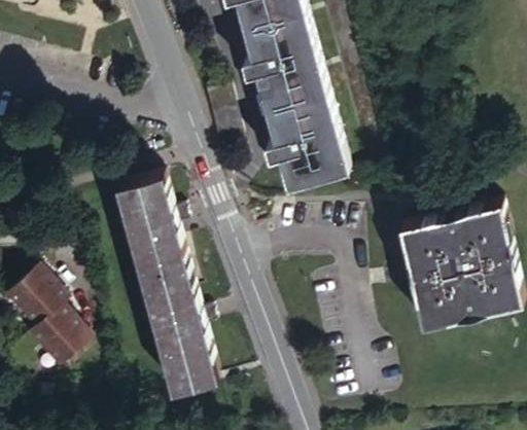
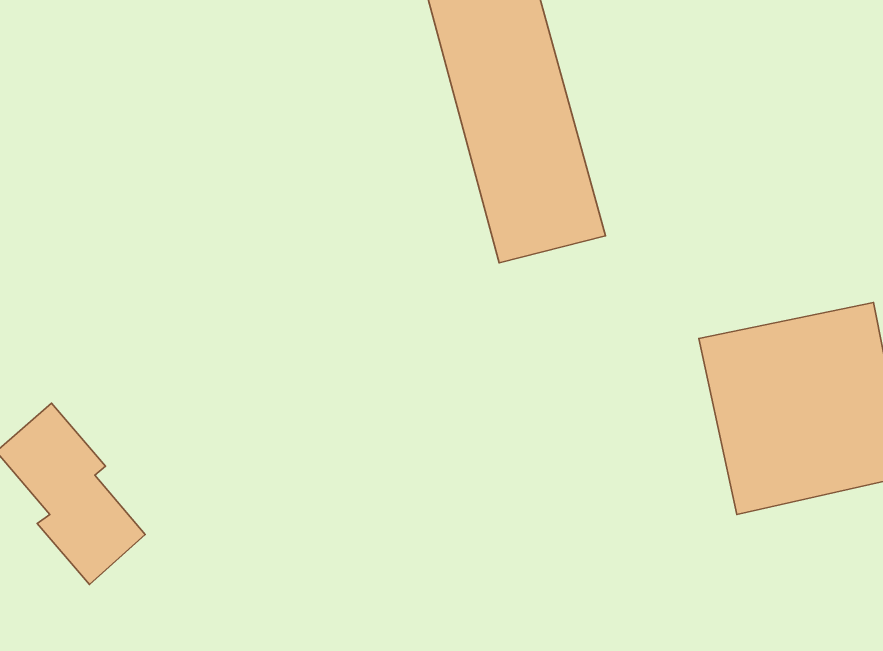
building: [115,181,212,396] -> none

